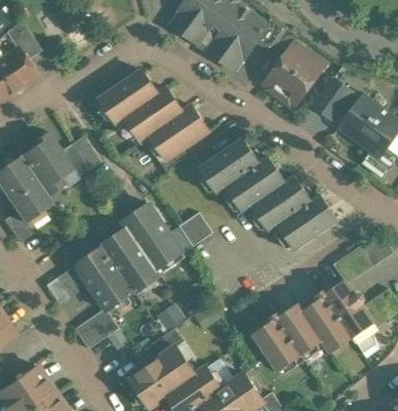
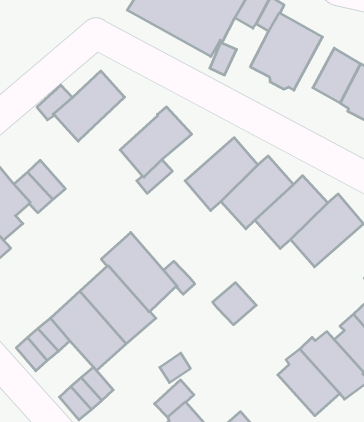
building: [125,88,184,142] -> none
building: [178,213,213,247] -> [213,283,256,325]

